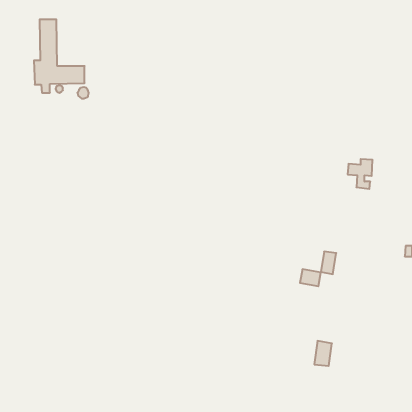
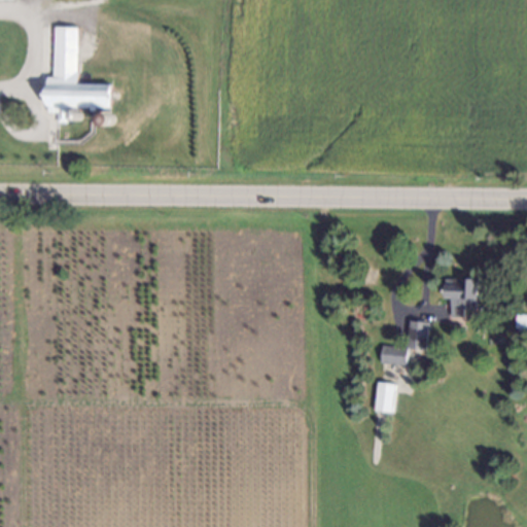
building: [348,159,373,189] -> [448,277,480,315]
building: [314,341,332,366] -> [375,383,397,415]

